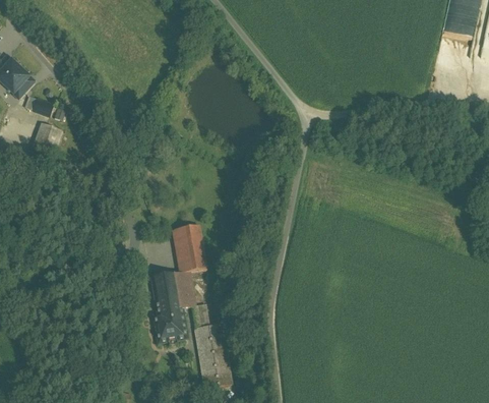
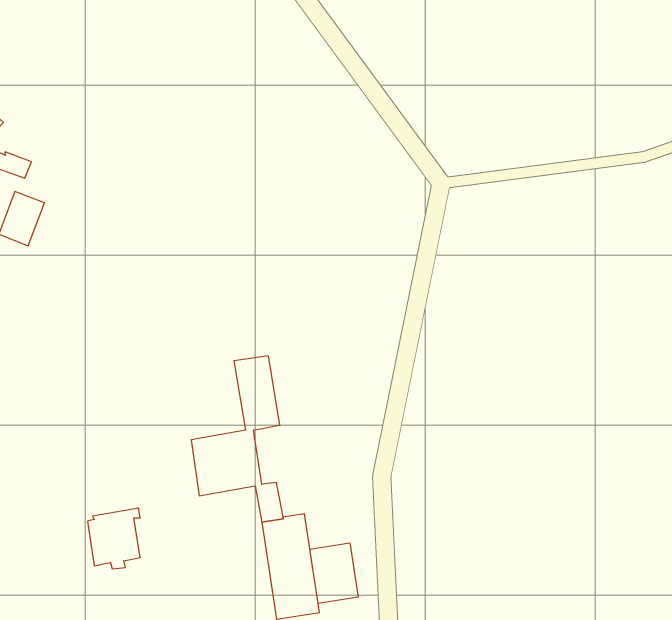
building: [154,306,186,344] -> [88,508,140,569]
building: none -> [310,543,358,604]

